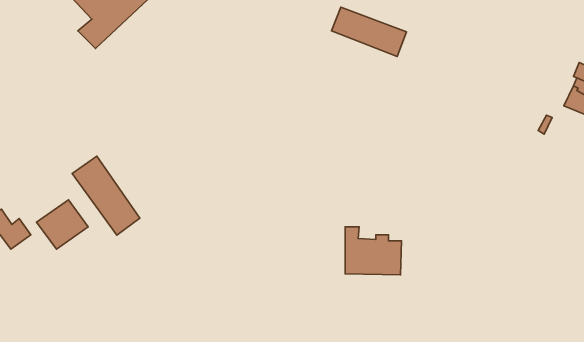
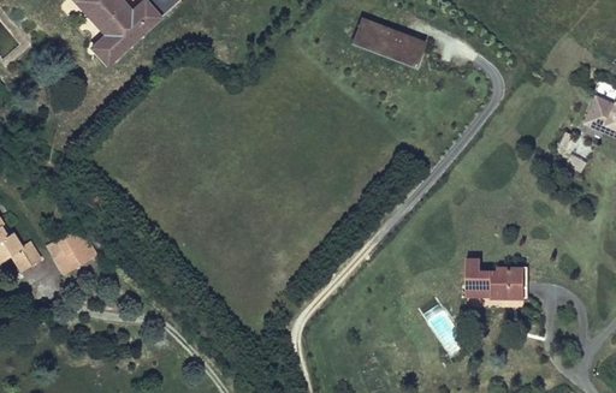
building: [72,156,140,235] -> none
building: [345,227,402,275] -> [468,255,526,304]

